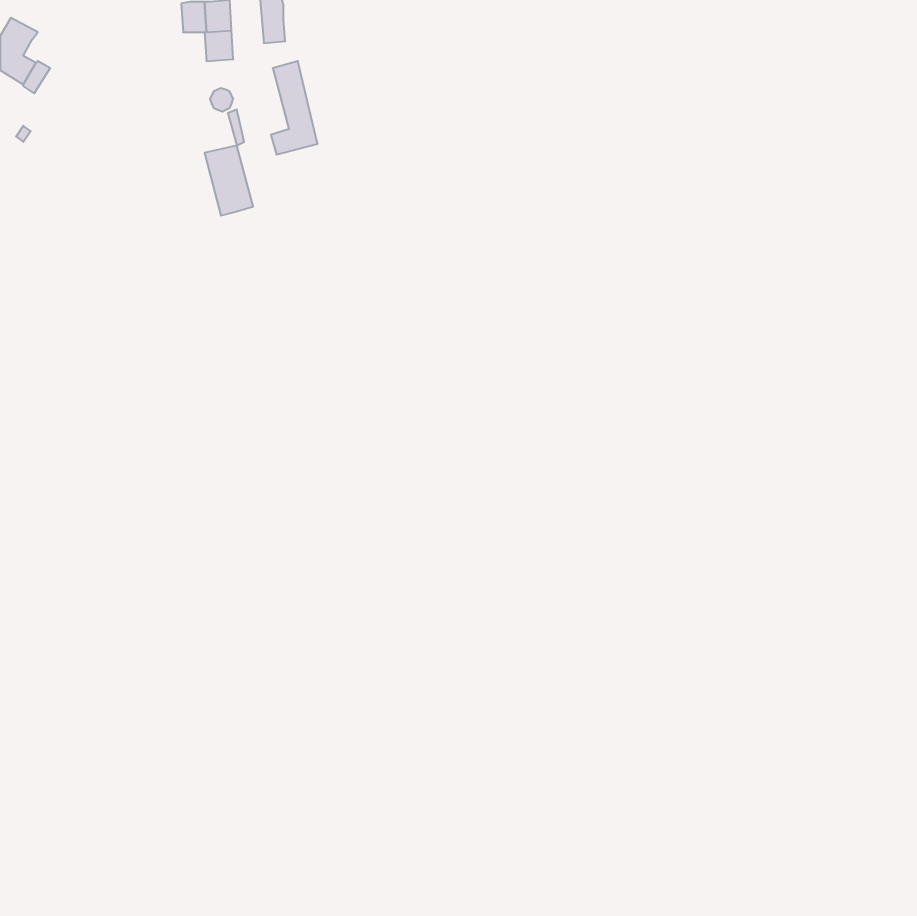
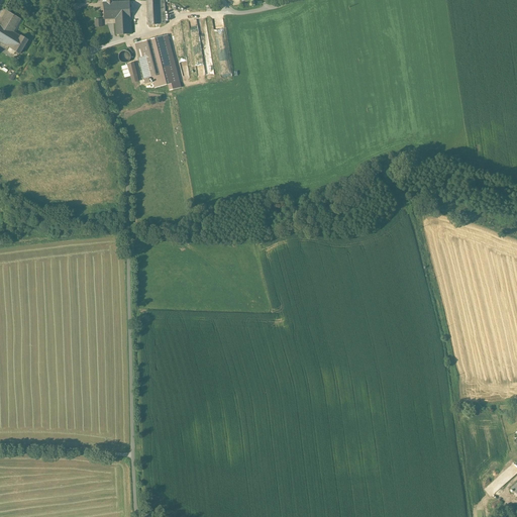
building: [205,145,253,216] -> [135,38,163,78]

